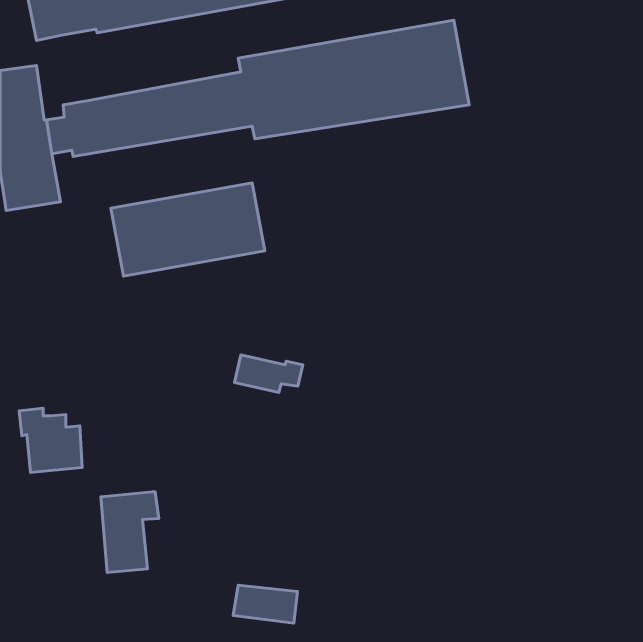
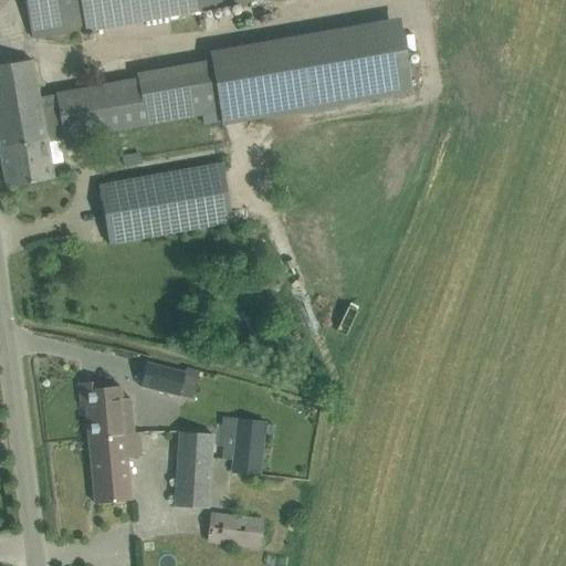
building: [235,355,303,393] -> [140,359,200,392]
building: [19,408,82,472] -> [80,379,135,436]
building: none -> [218,416,265,473]
building: none -> [174,430,212,507]

